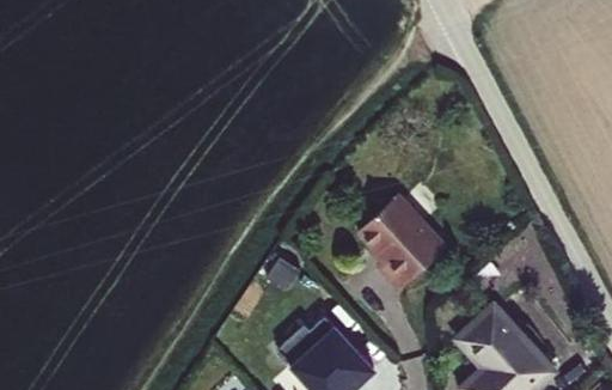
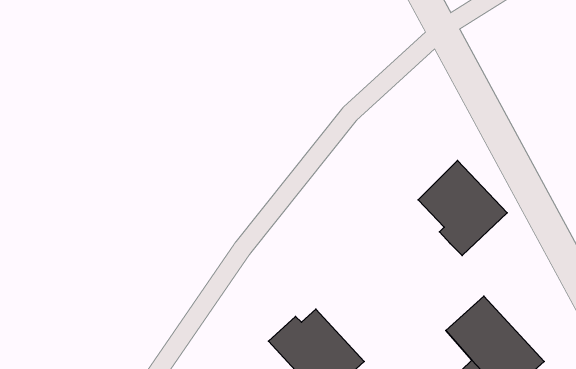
building: [355,193,445,288] -> [418,161,507,255]

